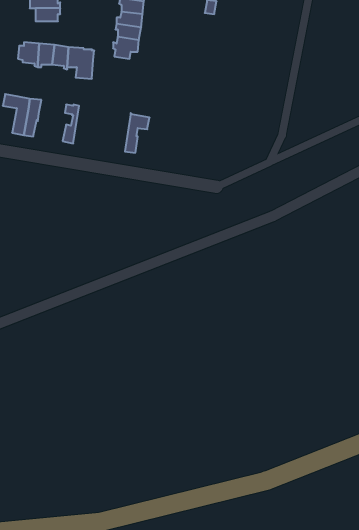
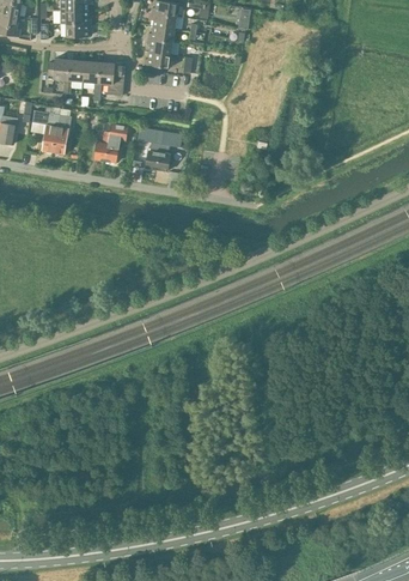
building: none -> [103,121,128,162]
building: none -> [136,126,161,169]

